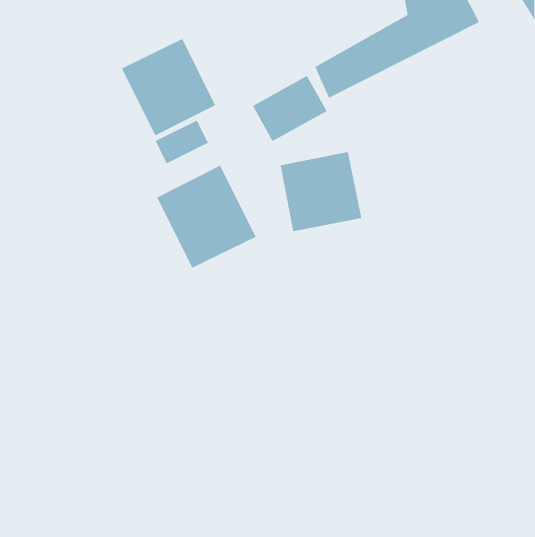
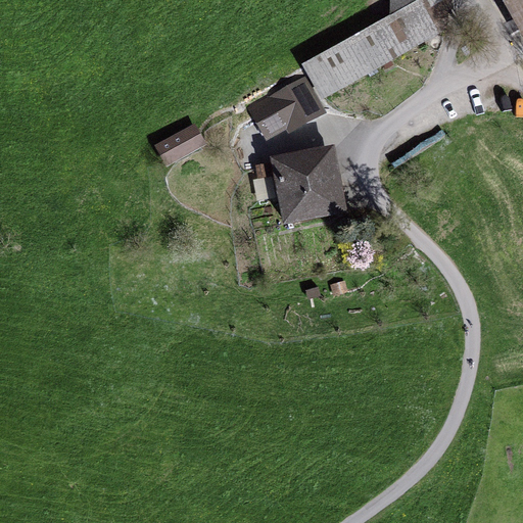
building: [121,38,216,136] -> none
building: [157,165,256,268] -> none

